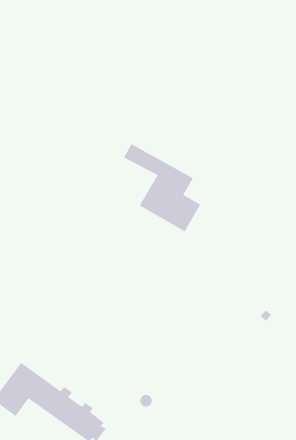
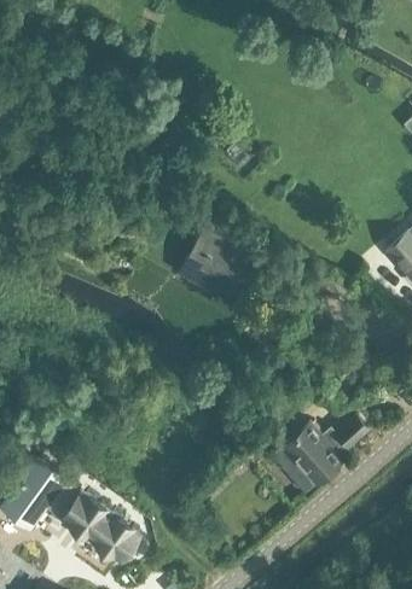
building: none -> [280,415,367,485]

